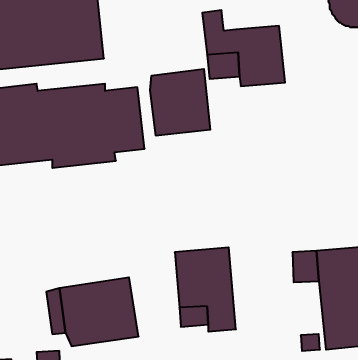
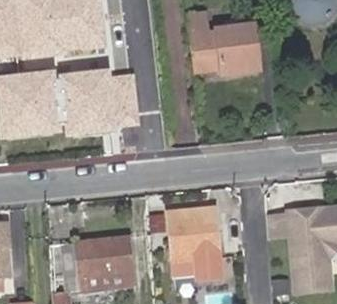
building: [150,69,210,136] -> none

